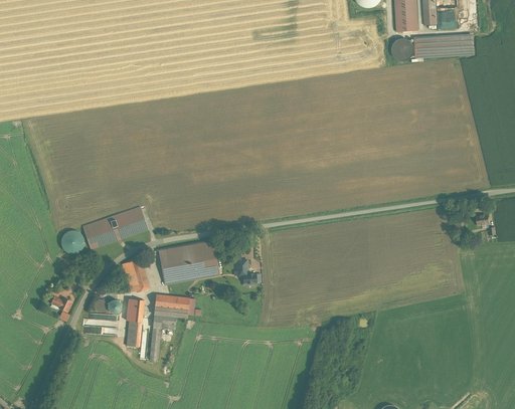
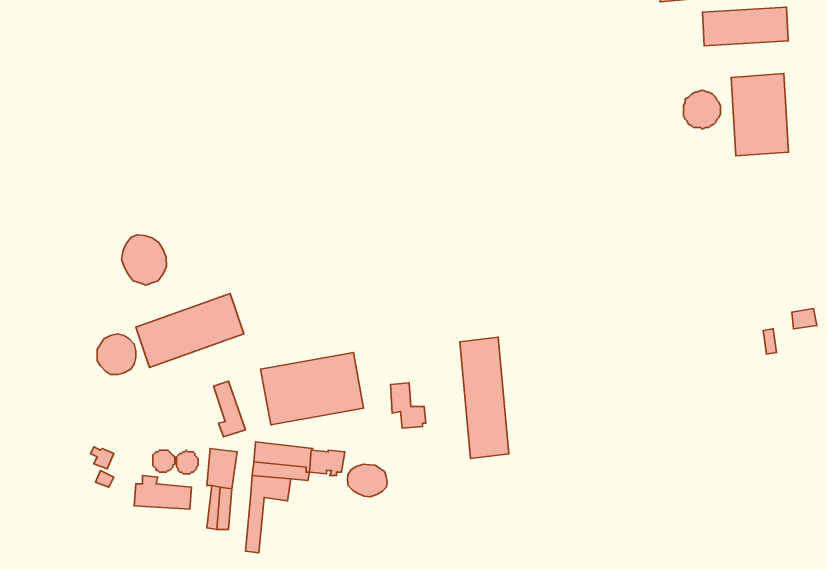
building: [391,37,413,60] -> [684,91,721,129]
building: none -> [731,74,788,156]
building: none -> [121,235,166,285]
building: none -> [460,337,509,458]
building: none -> [347,464,387,497]

